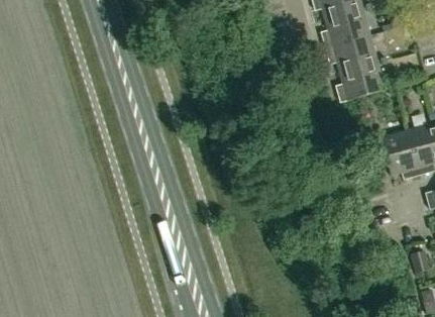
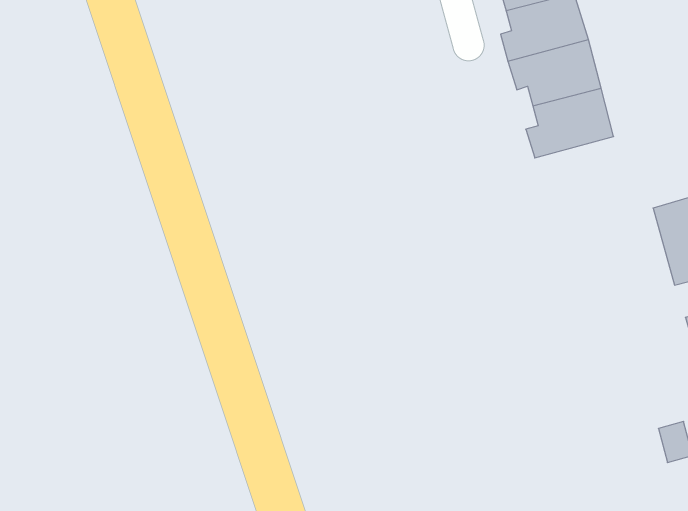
building: [380,129,420,178] -> none

